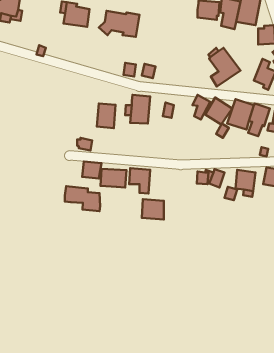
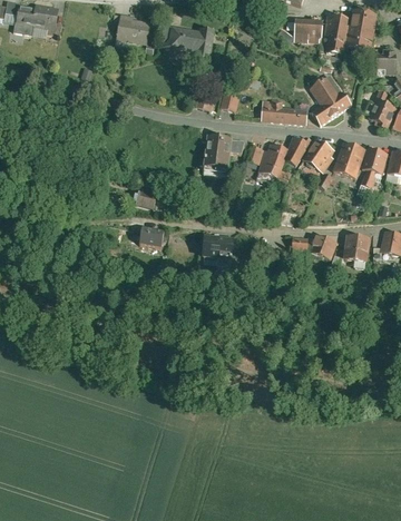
building: none -> [257,100,306,126]
building: none -> [258,145,293,183]
building: [97,104,115,128] -> none
building: [100,169,126,188] -> none
building: [65,186,100,211] -> none
building: [142,199,164,220] -> none

